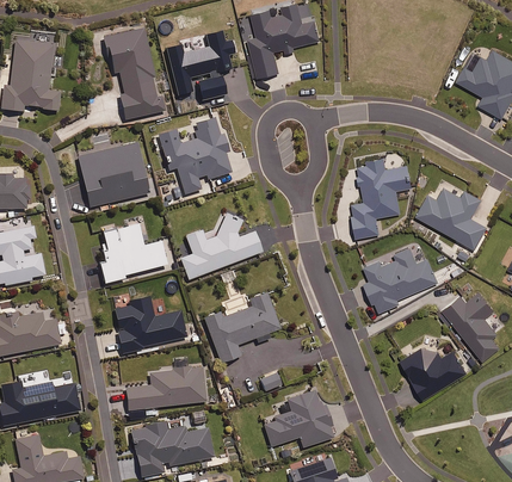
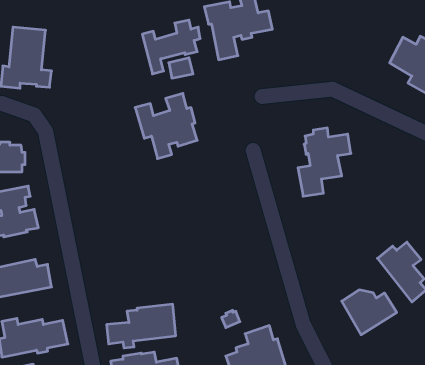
building: [105,27,166,119] -> none
building: [78,142,149,206] -> none
building: [418,187,487,249] -> none
building: [180,212,263,279] -> none
building: [100,223,167,283] -> none
building: [364,247,440,313] -> none
building: [204,292,280,363] -> none
building: [115,297,186,353] -> none

